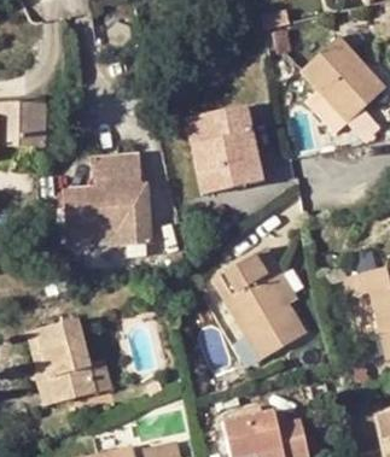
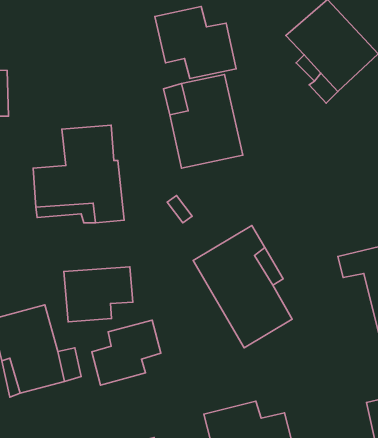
building: none -> [155,7,236,79]
building: none -> [64,267,133,322]
building: none -> [92,320,161,385]

